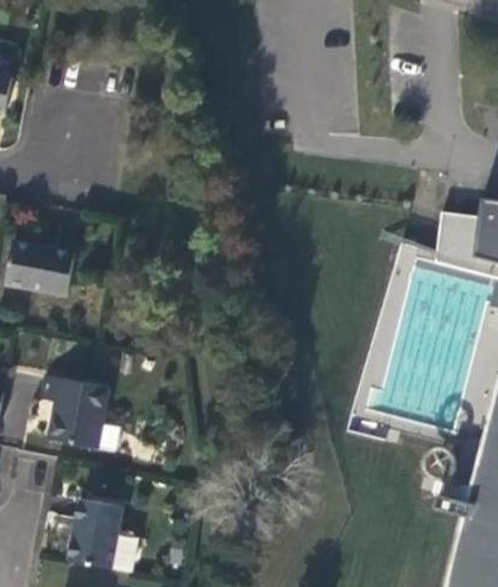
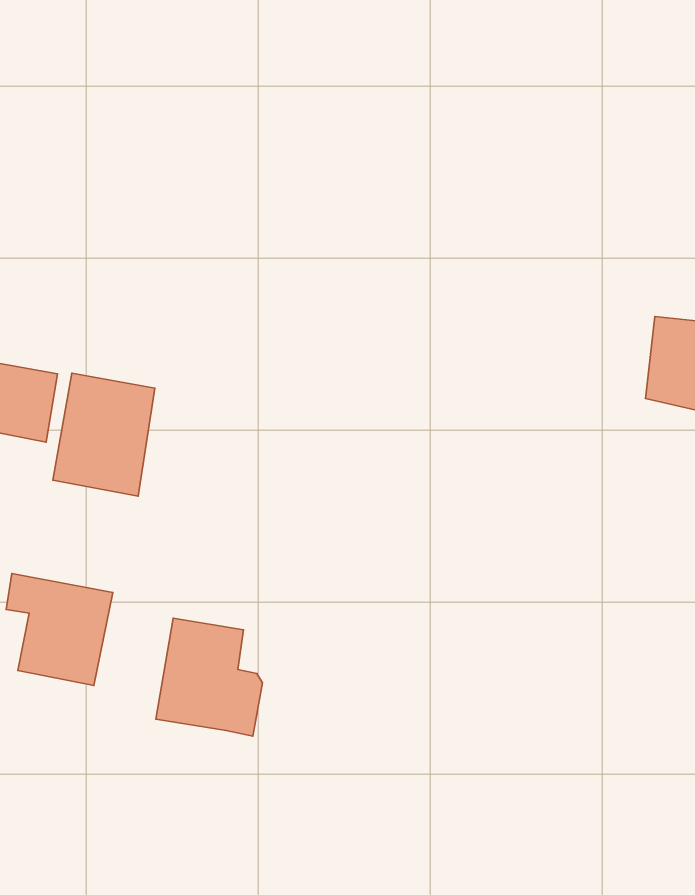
building: none -> [53,373,155,496]
building: [70,497,137,570] -> [156,618,262,736]

